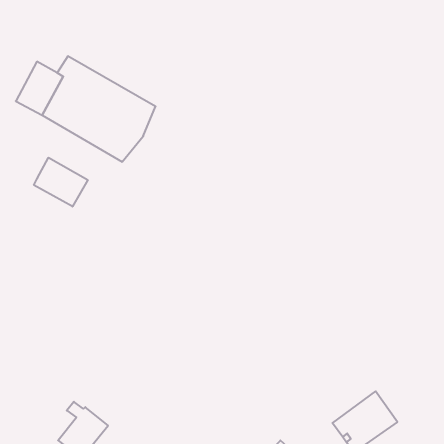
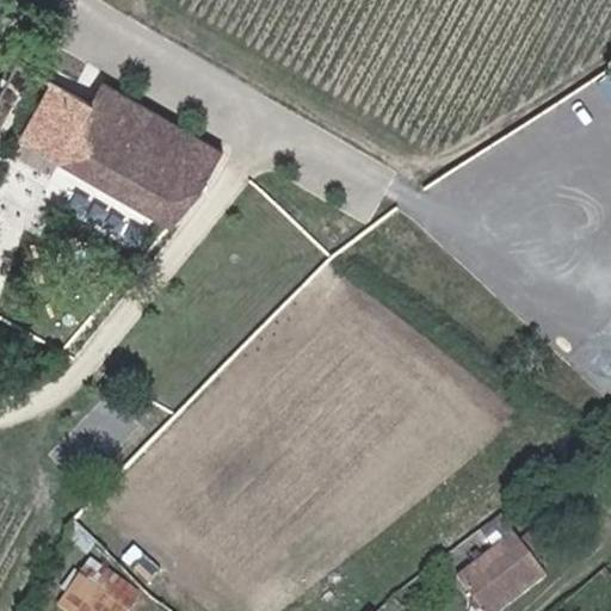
building: [34,158,88,207] -> none

